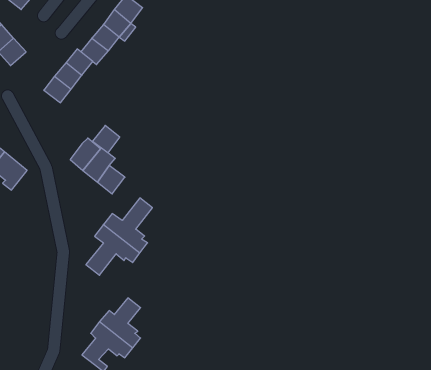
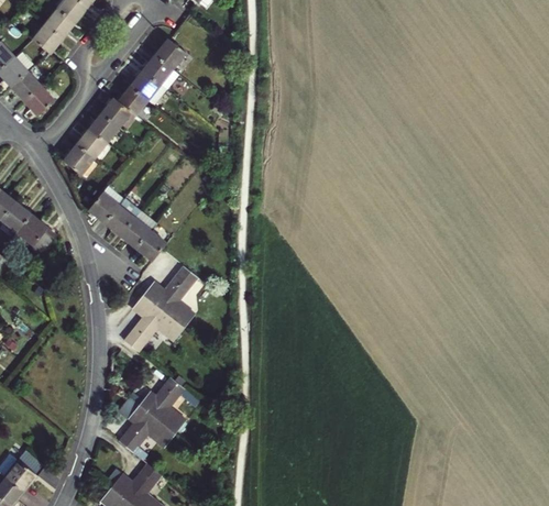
building: none -> [63,144,94,175]
building: [92,125,120,153] -> [87,191,118,222]

